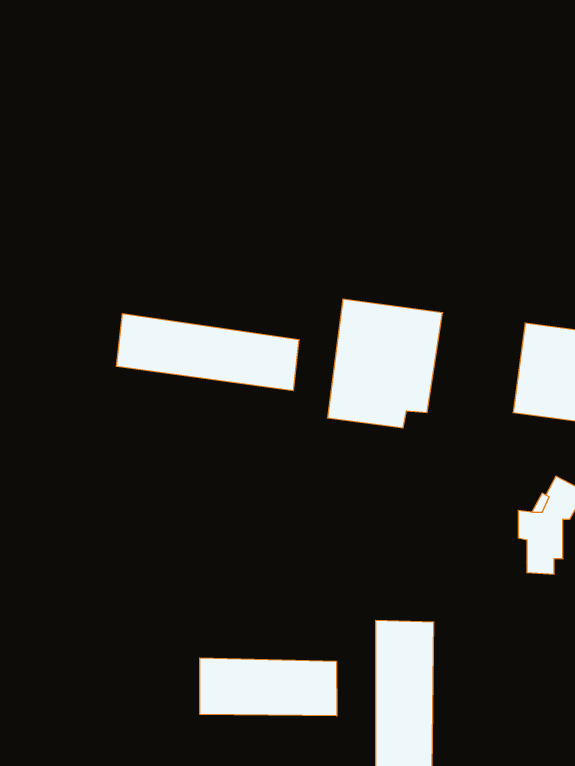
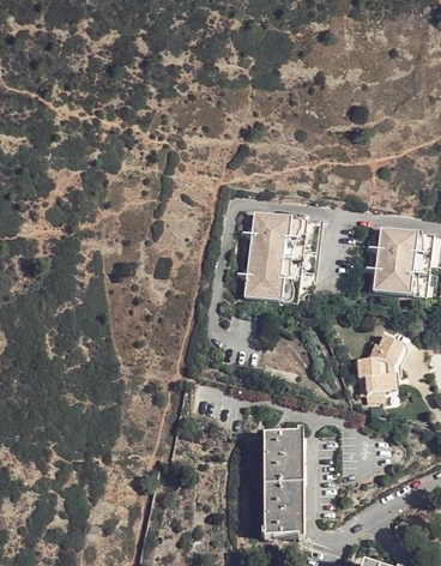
building: [116,314,299,391] -> none
building: [200,658,337,716] -> none

